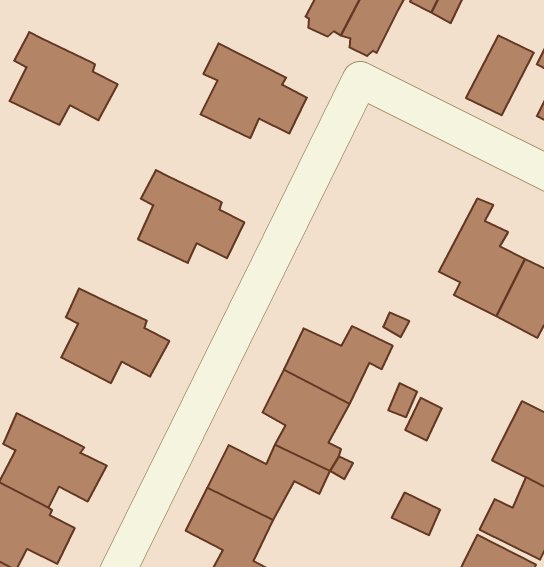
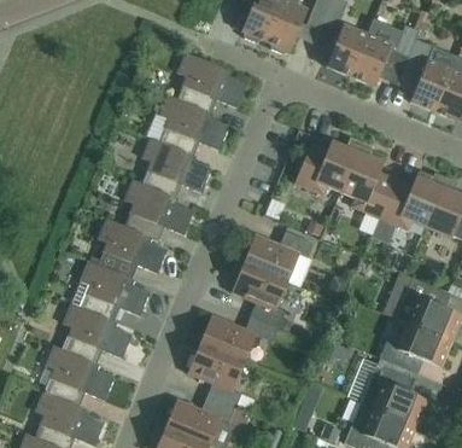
building: none -> [326,24,368,76]
building: [9,32,118,125] -> [159,95,229,155]
building: none -> [294,136,362,192]
building: none -> [124,180,194,240]
building: none -> [71,261,150,321]

